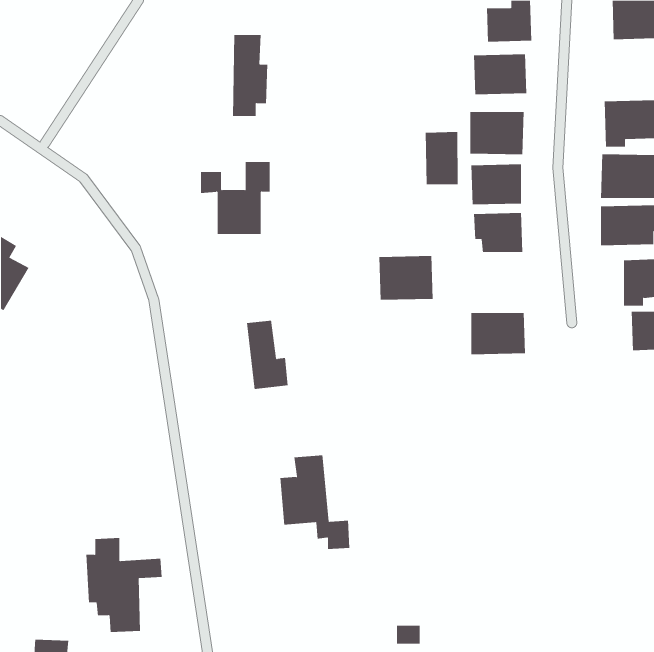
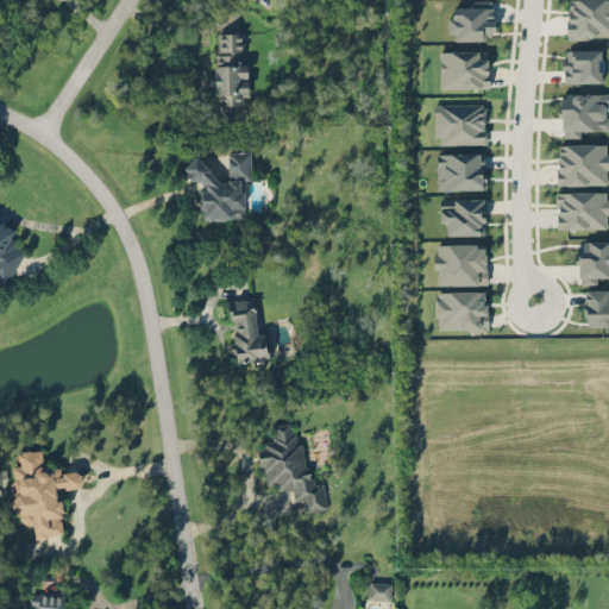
building: none -> [565,51,602,84]
building: [425,131,458,185] -> none
building: [378,255,434,300] -> [437,245,488,287]
building: [86,538,163,632] -> [12,451,83,539]

